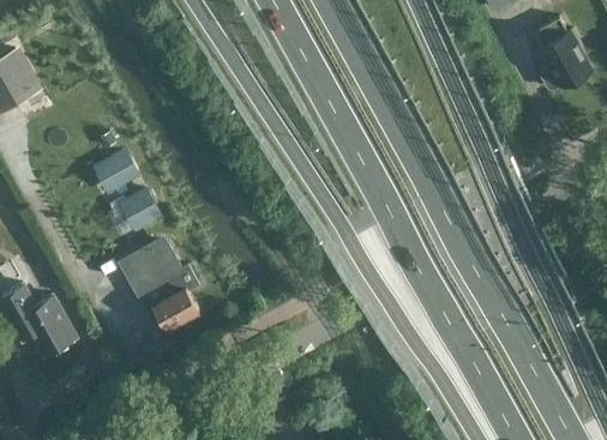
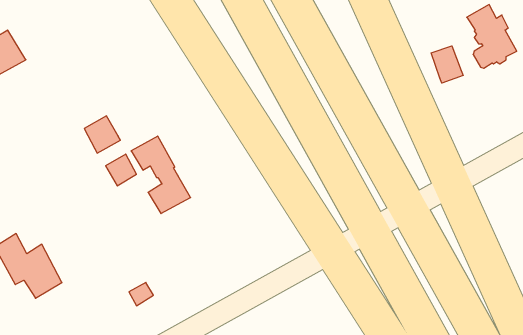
building: none -> [431,46,463,83]
building: [132,241,199,329] -> [131,136,191,214]

